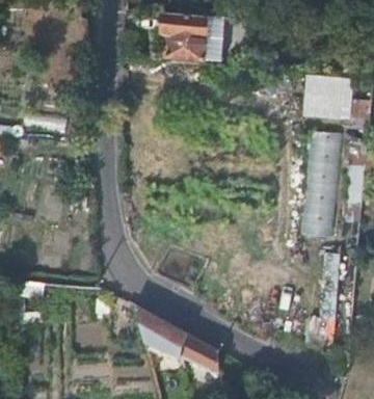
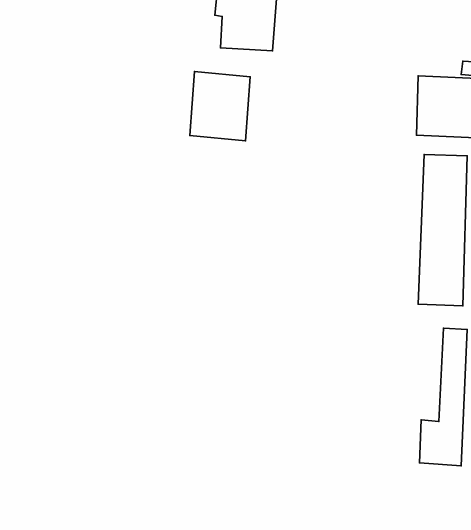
building: none -> [190,72,250,141]
building: [137,308,223,373] -> none

